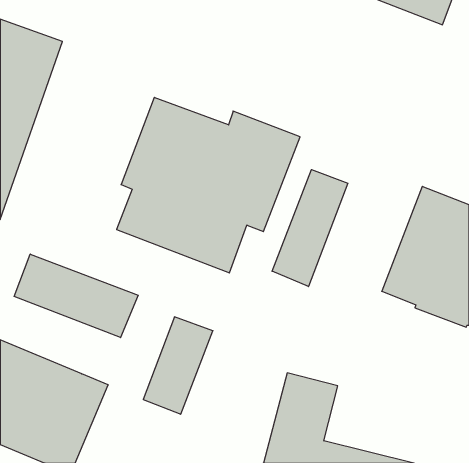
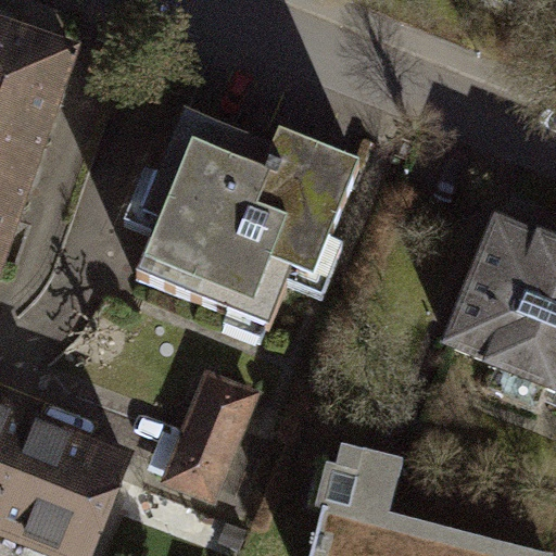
building: [272,170,348,287] -> none
building: [14,254,138,338] -> none

